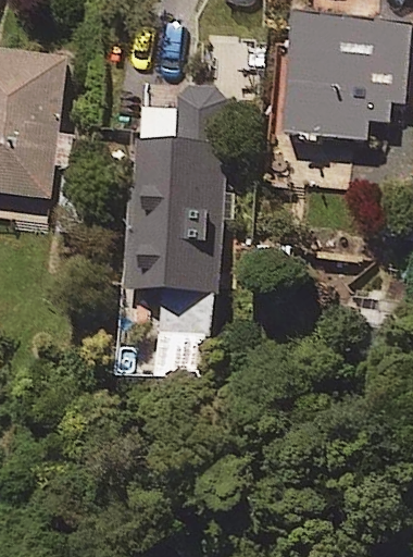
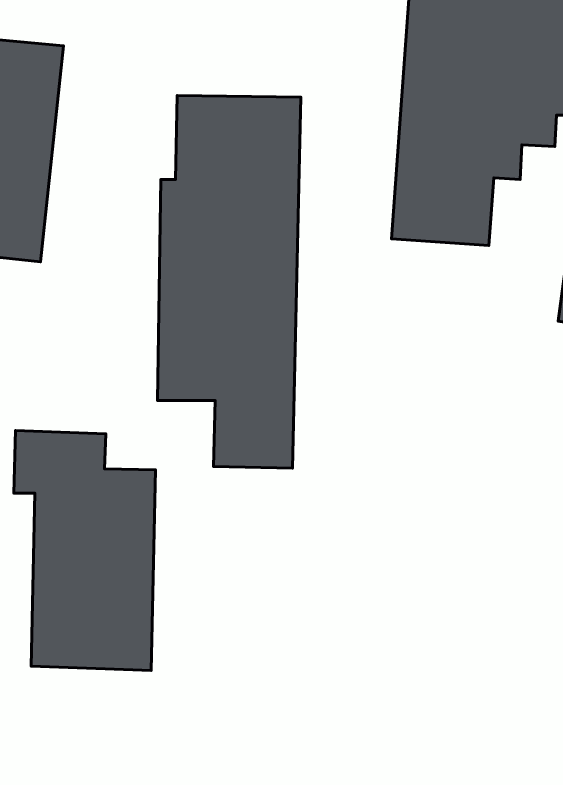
building: none -> [14,431,156,670]

